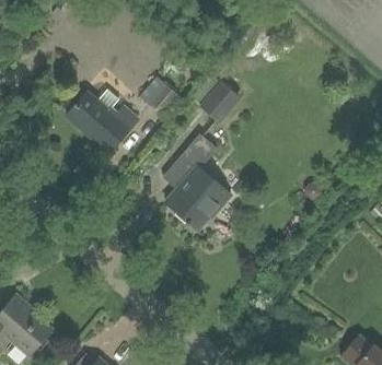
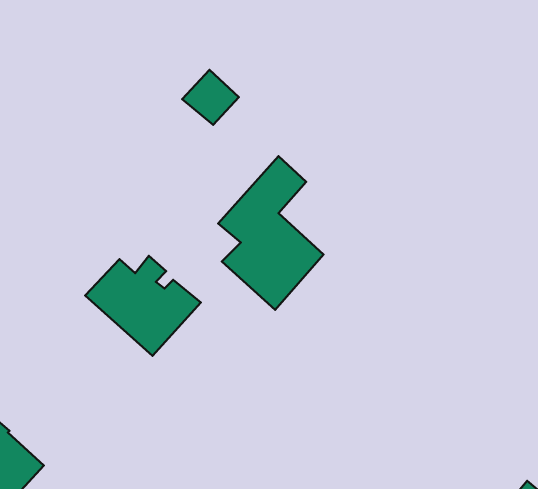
building: [198,82,236,120] -> none
building: [68,92,141,155] -> [85,256,201,356]

